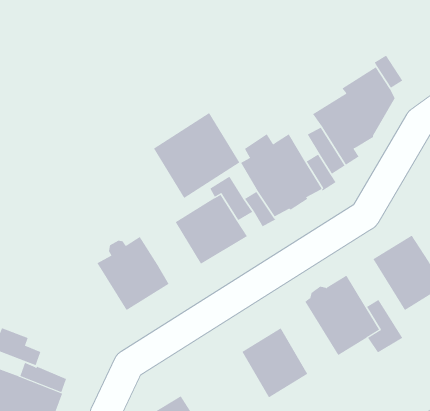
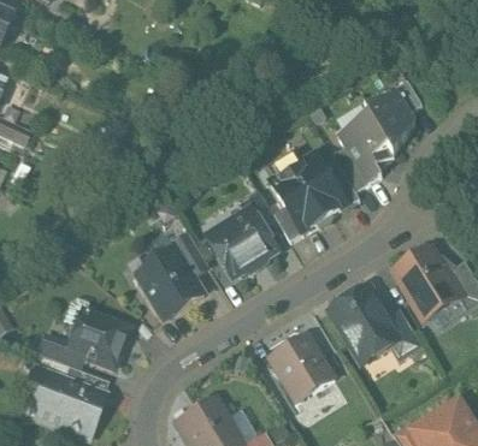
building: [153,112,240,199] -> none
building: none -> [172,234,208,275]
building: none -> [69,311,129,368]

